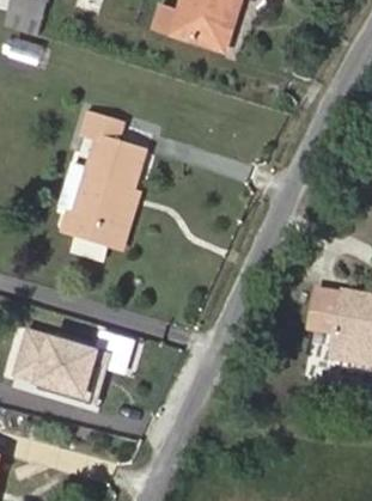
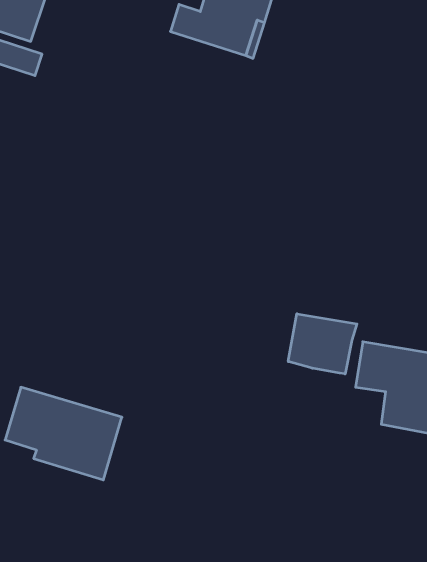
building: [56,112,144,248] -> none
building: none -> [288,314,357,374]

